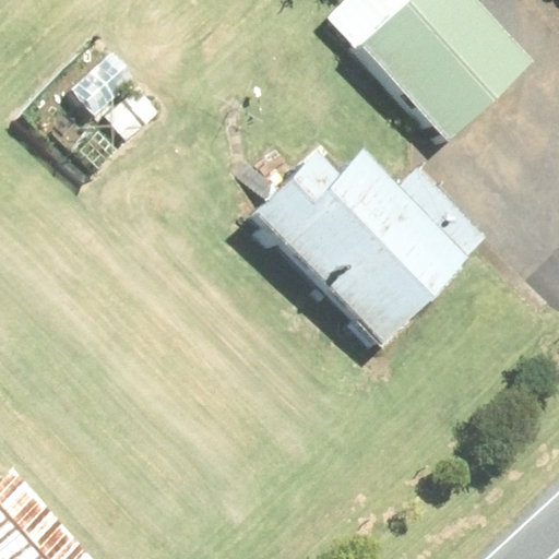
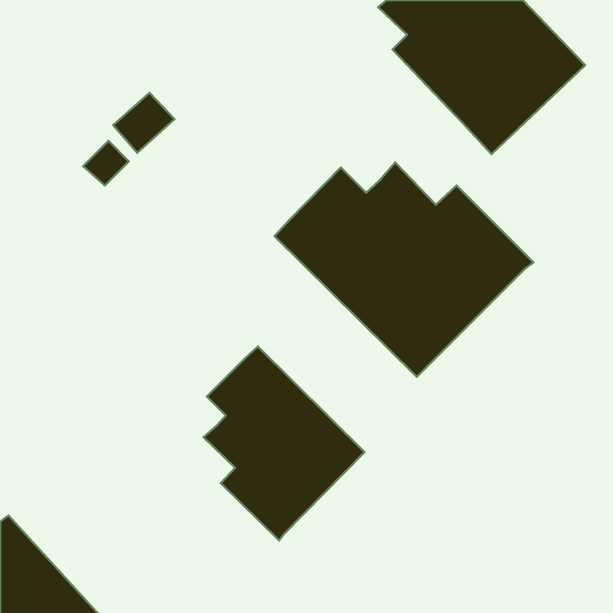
building: none -> [203,346,365,541]

